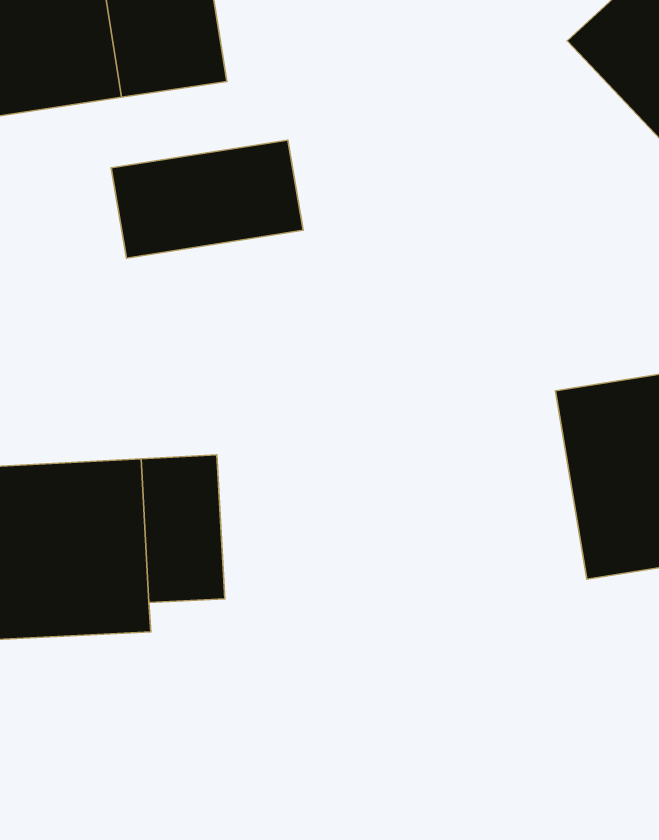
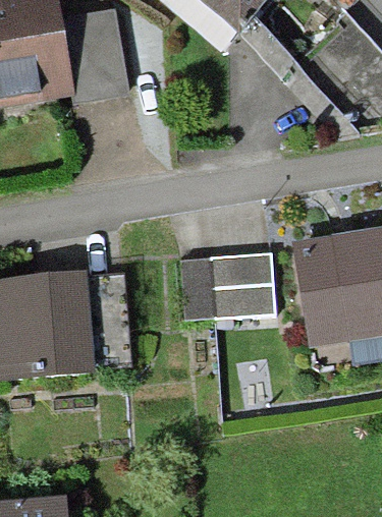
building: [111,140,303,258] -> none
building: none -> [180,256,269,315]

